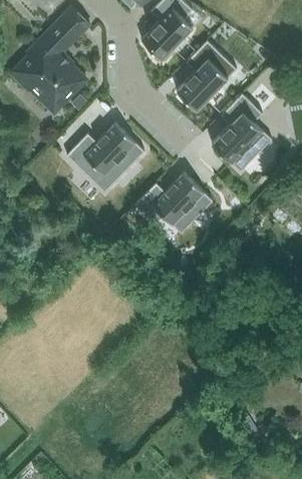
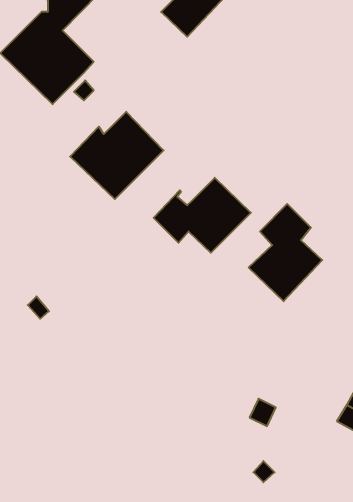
building: [176,41,237,110] -> none
building: [211,94,270,172] -> [249,204,322,301]

